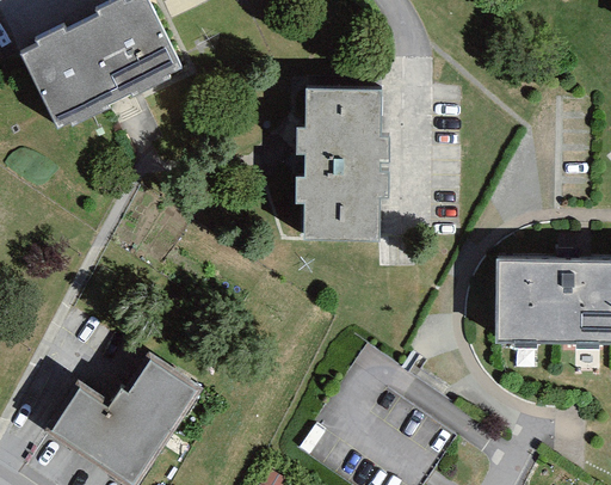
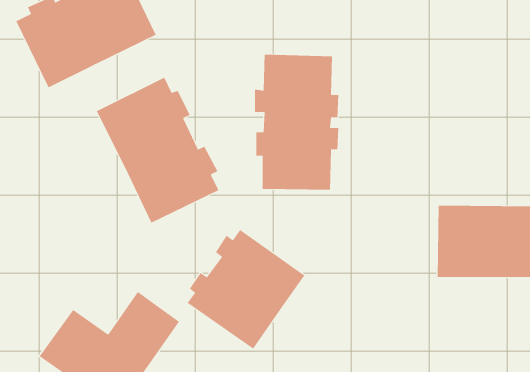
building: none -> [96,77,219,224]
building: none -> [187,229,305,350]

